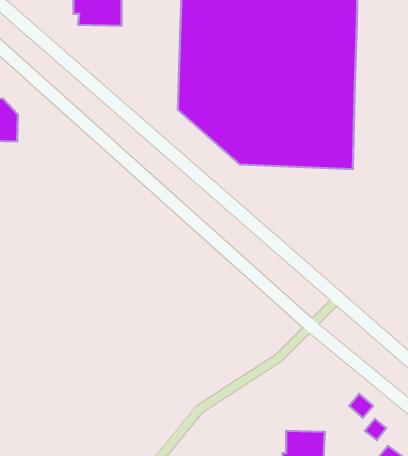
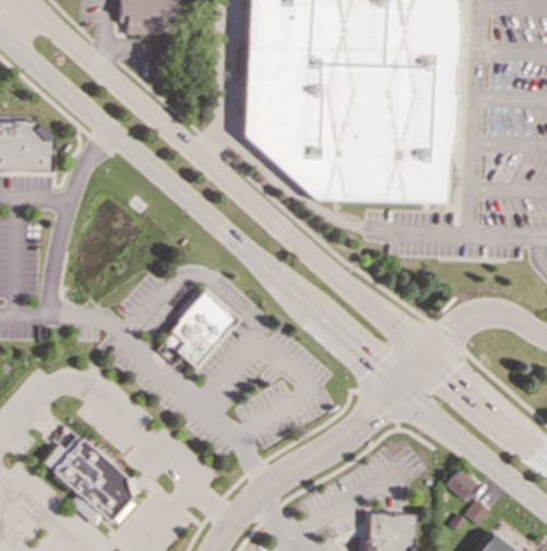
building: none -> [171,292,235,366]
building: none -> [44,433,141,525]

